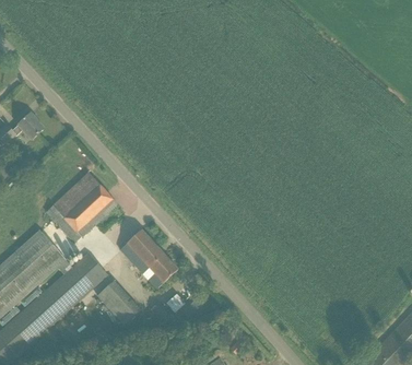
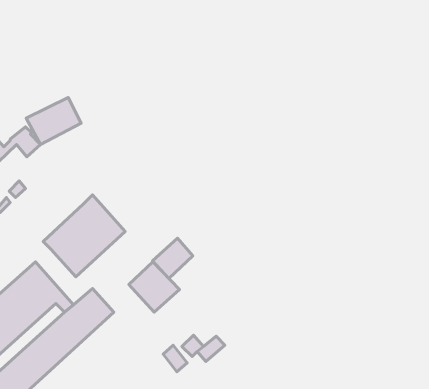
building: none -> [26,97,81,144]
building: [142,252,177,287] -> [152,238,193,278]
building: [97,279,140,323] -> none

